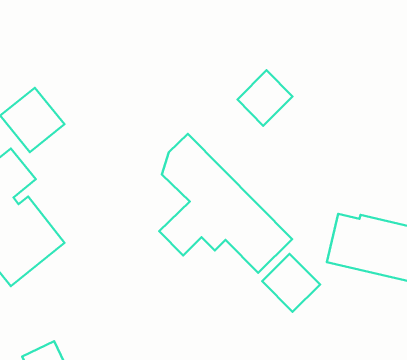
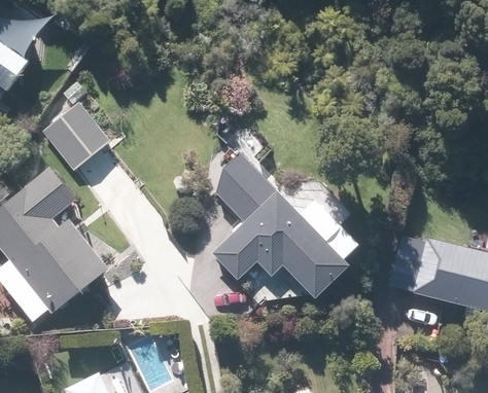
building: [237,70,292,126] -> none
building: [262,254,320,312] -> none

